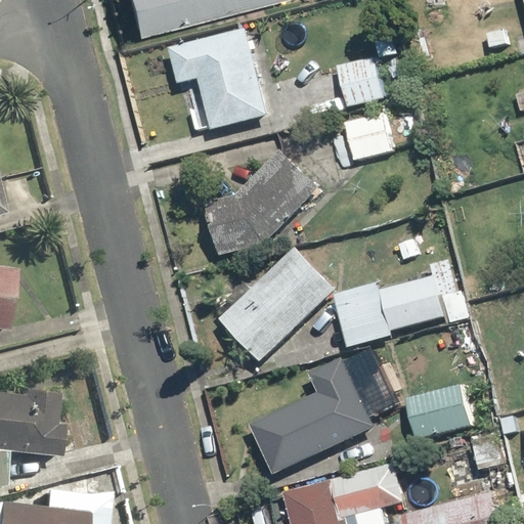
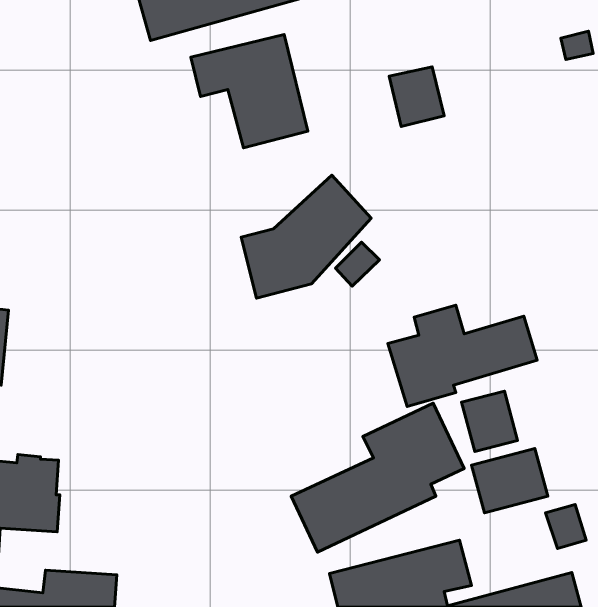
building: [341,112,388,159] -> none
building: [213,241,335,361] -> none
building: none -> [462,391,518,452]

